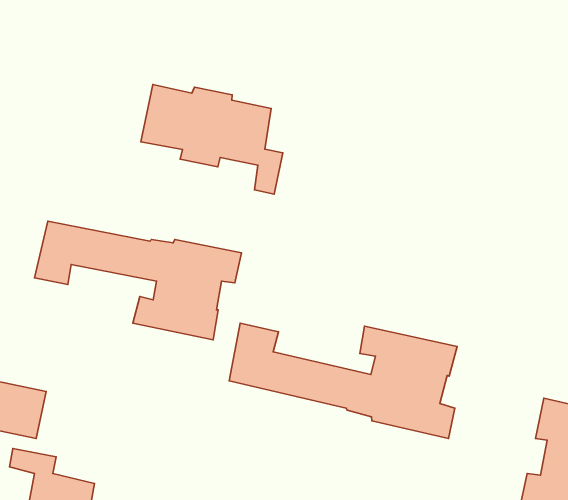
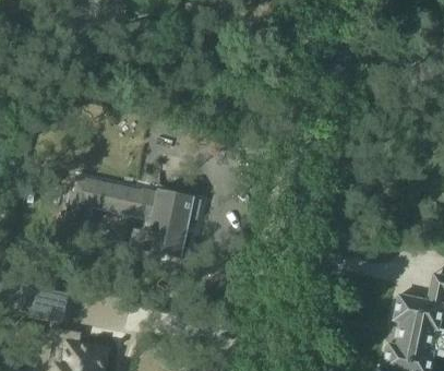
building: [141,85,283,194] -> none
building: [229,323,457,438] -> none

